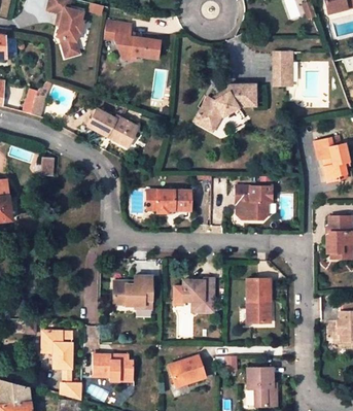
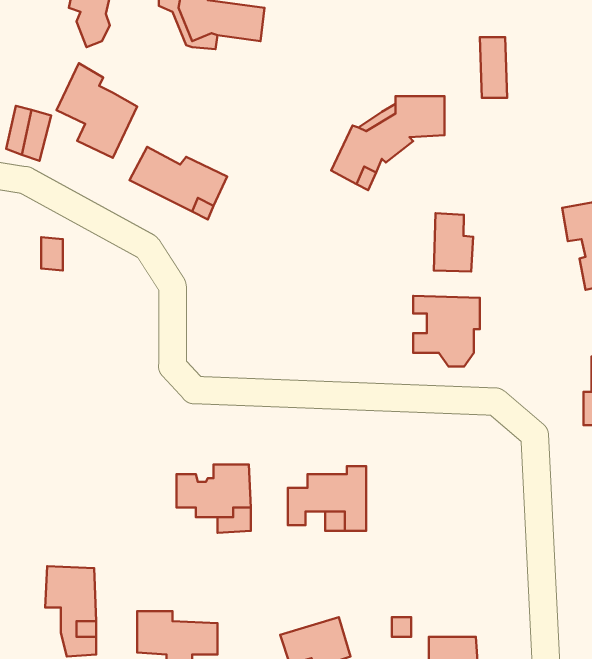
building: none -> [57,63,137,158]
building: none -> [434,213,473,272]
building: [147,193,190,216] -> none
building: [246,279,270,326] -> none

